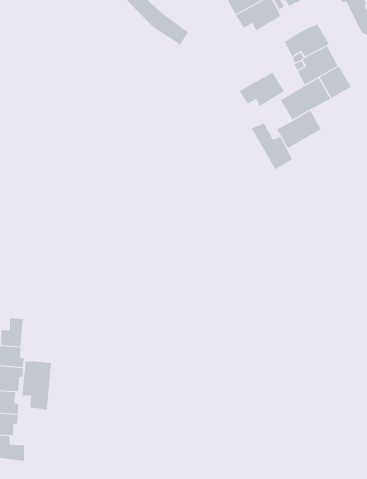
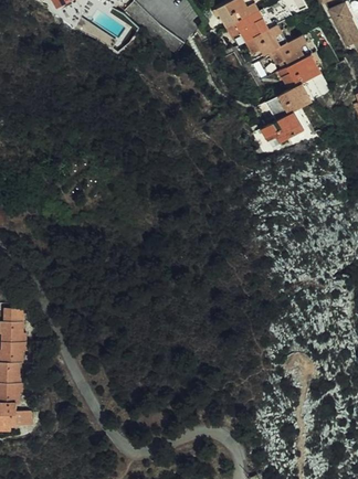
building: [239,72,285,107] -> [241,23,283,55]
building: [251,123,293,170] -> none
building: [22,360,51,411] -> none

